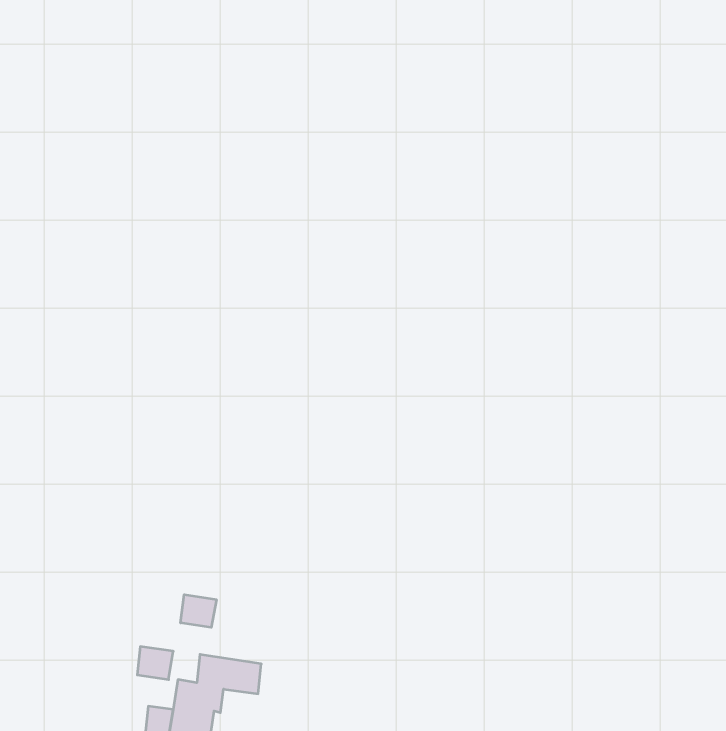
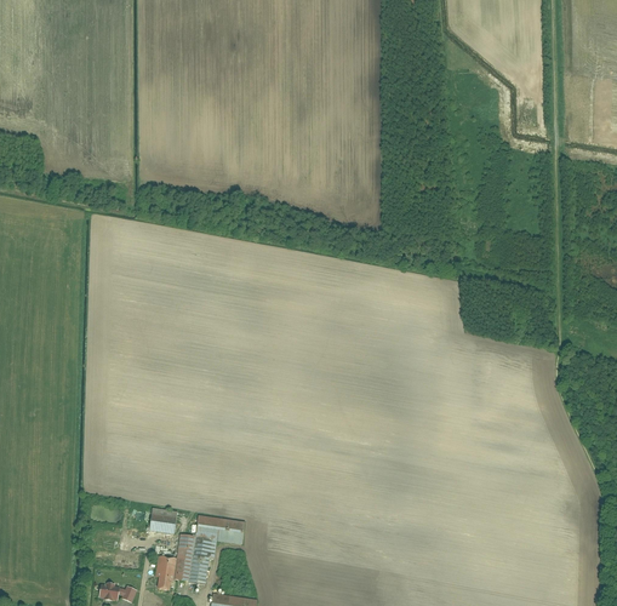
building: [181,595,216,627] -> none

